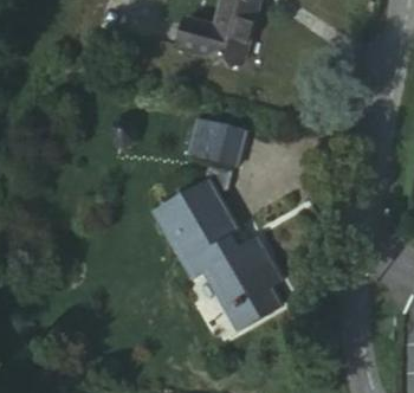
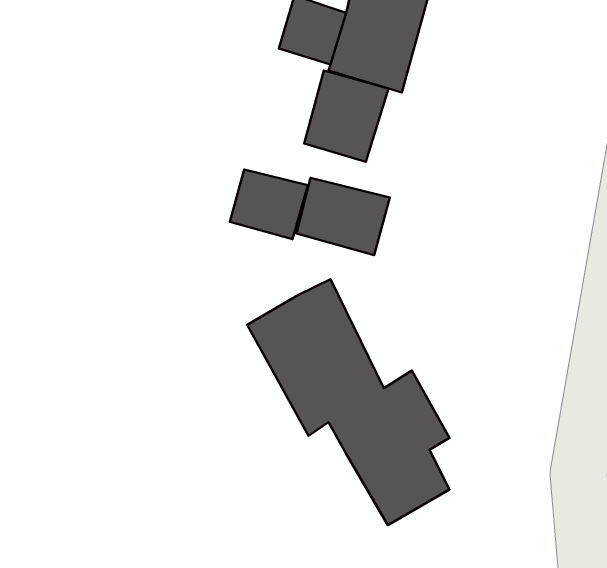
building: none -> [304,71,388,162]
building: none -> [230,170,308,239]

